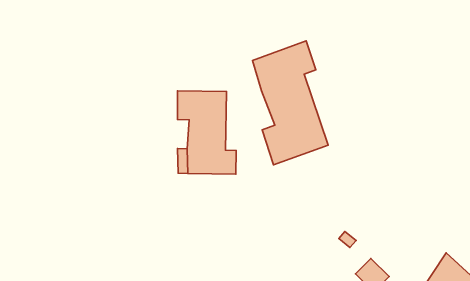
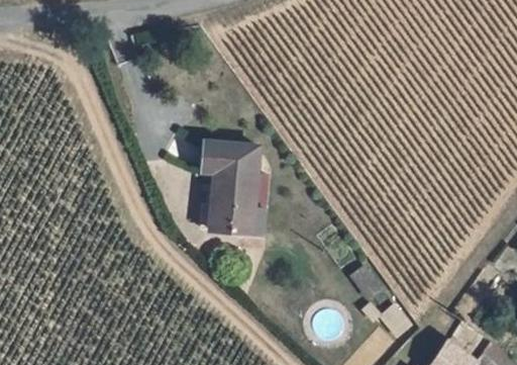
building: [252,41,328,165] -> none

